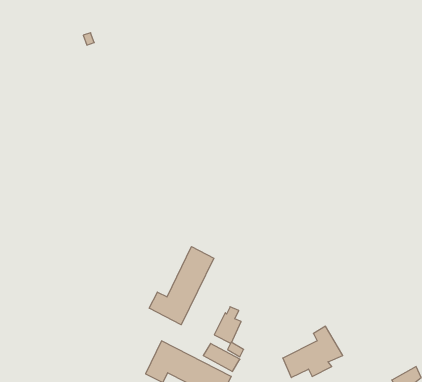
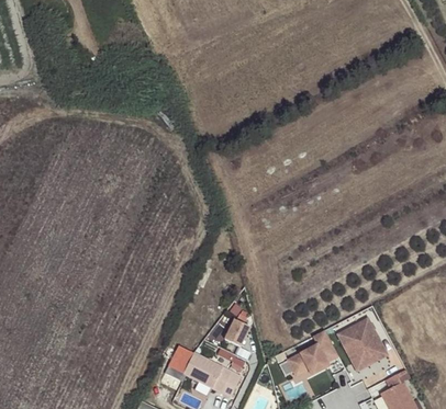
building: [149,247,214,325] -> none
building: none -> [335,317,389,373]

